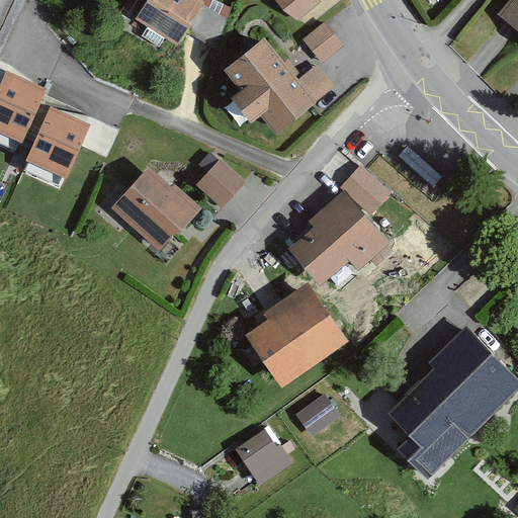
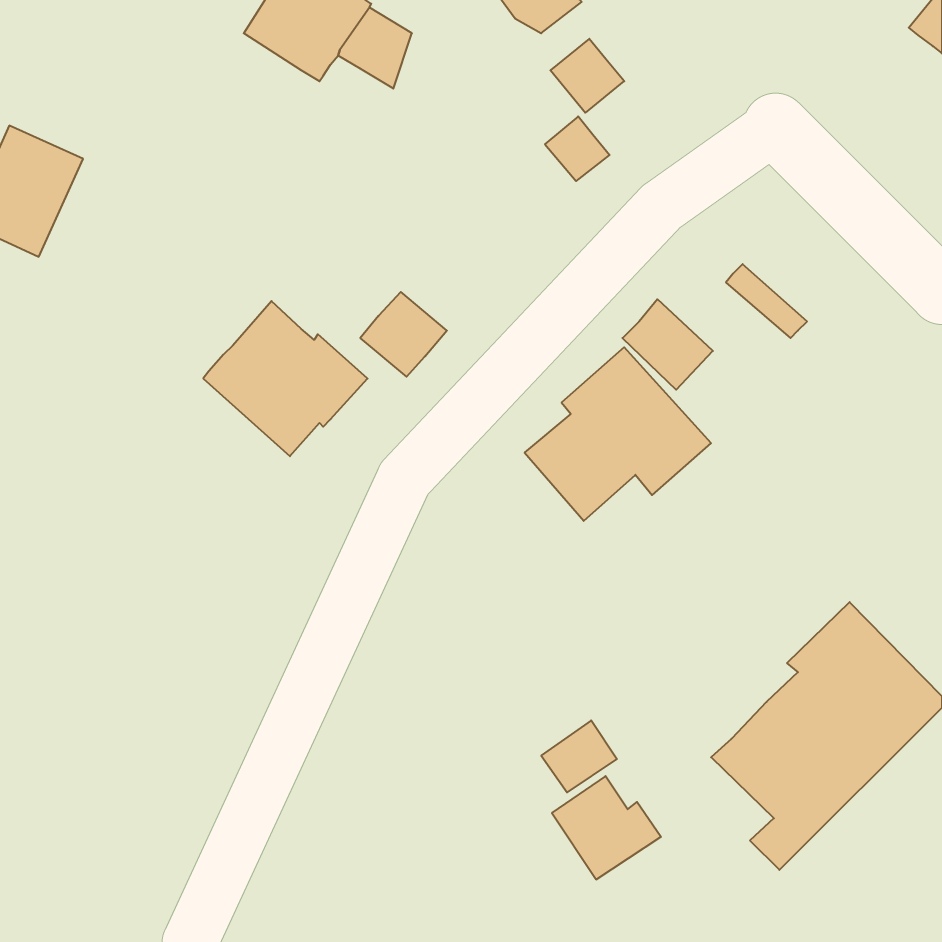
building: [224,38,313,132] -> none
building: [25,105,89,177] -> none
building: [244,282,348,387] -> none
building: [234,429,293,486] -> [552,776,661,879]

